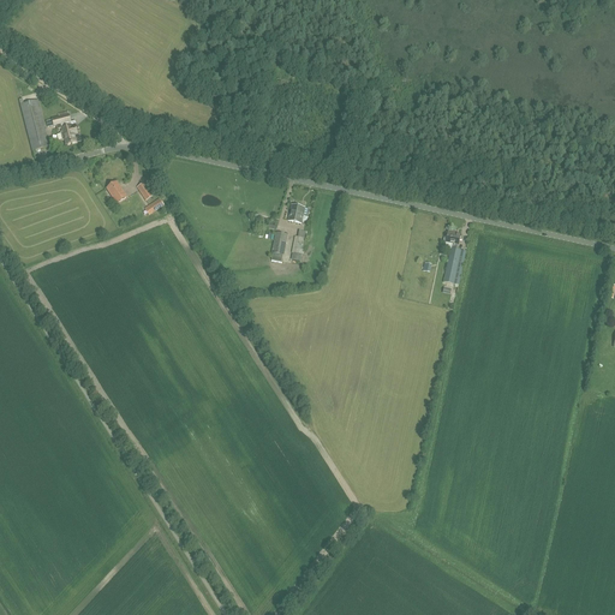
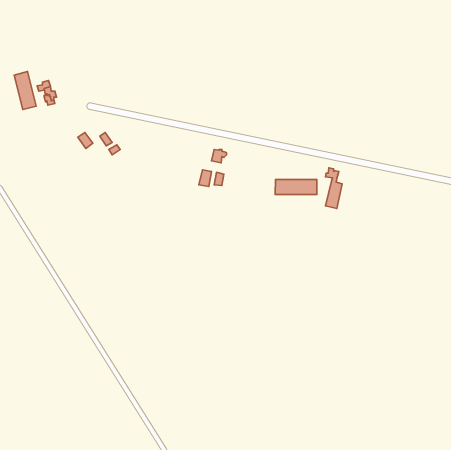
building: none -> [275,179,317,195]

